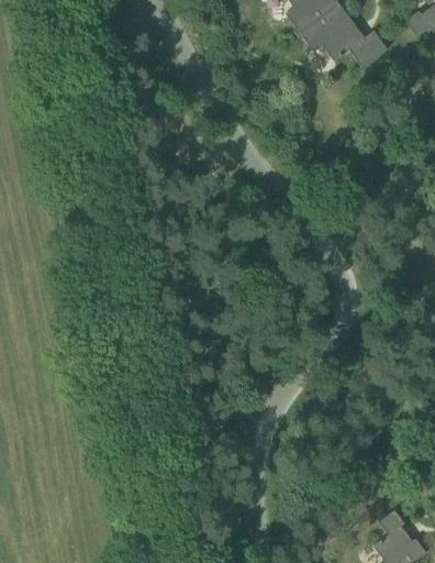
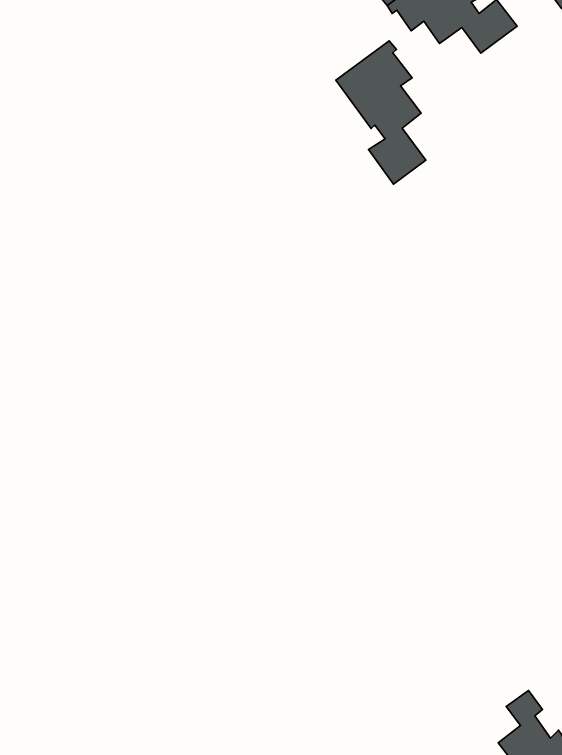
building: none -> [336,41,426,184]

